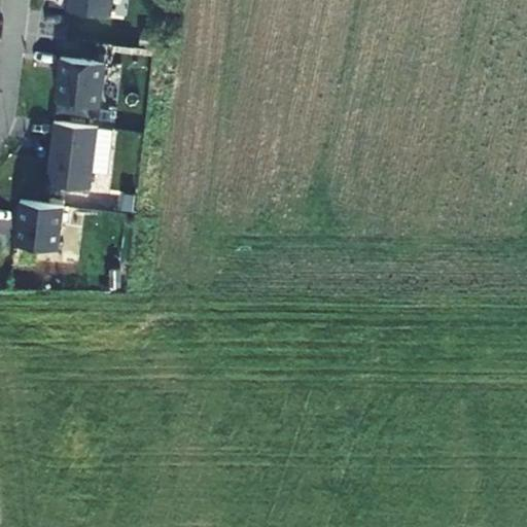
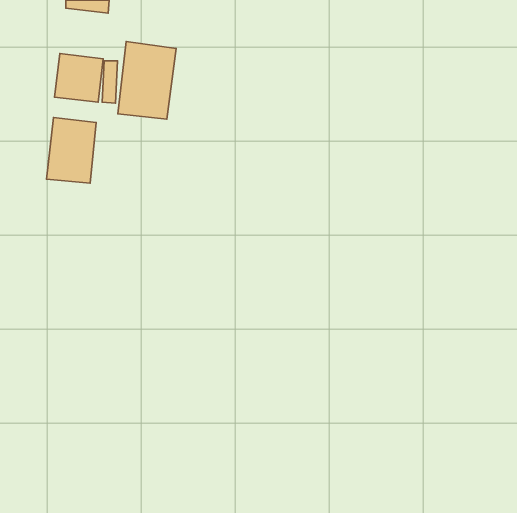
building: none -> [118,42,176,119]
building: [15,203,64,252] -> none

